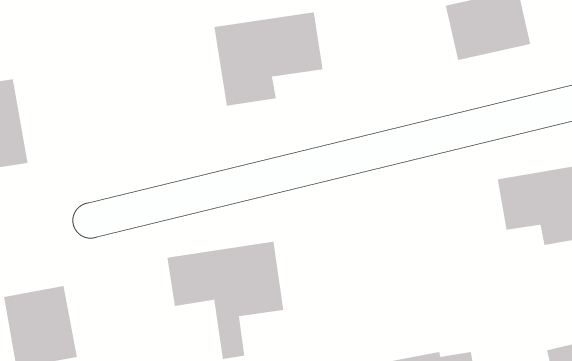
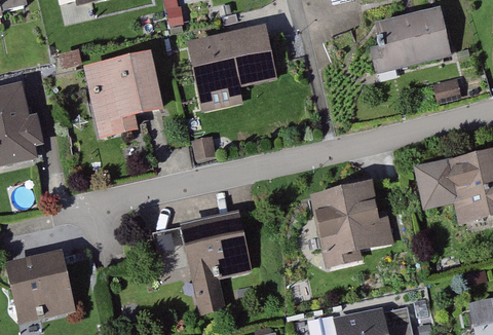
building: none -> [88,53,162,131]
building: none -> [313,184,387,256]

